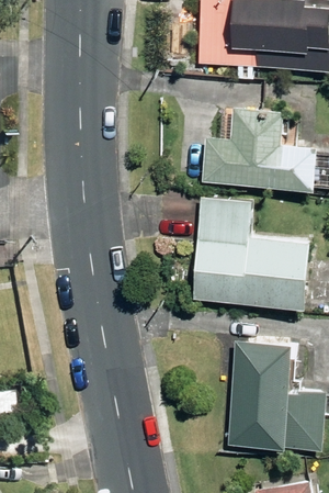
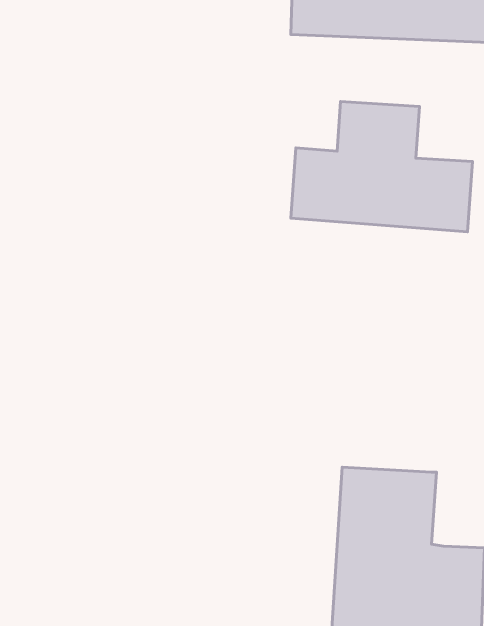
building: [192,199,309,310] -> none

